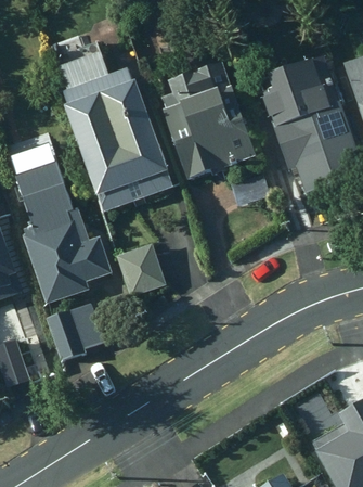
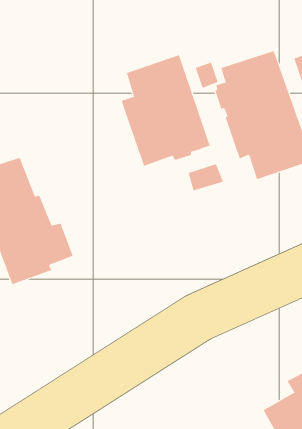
building: [59,52,173,213] -> none
building: [117,243,168,295] -> none
building: [47,302,106,360] -> none

